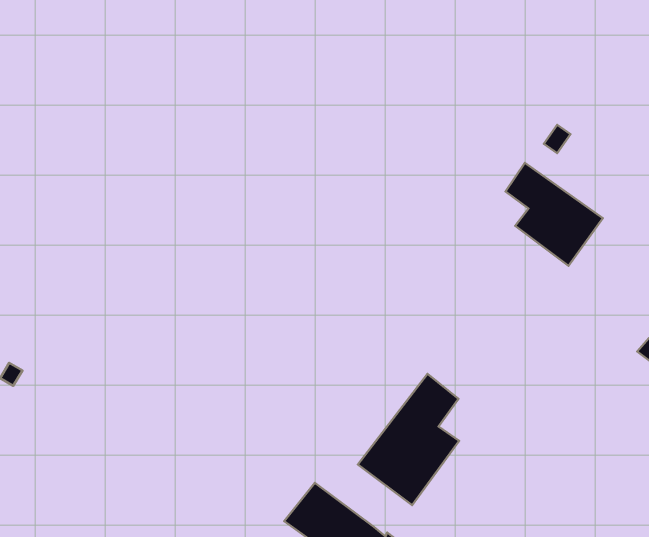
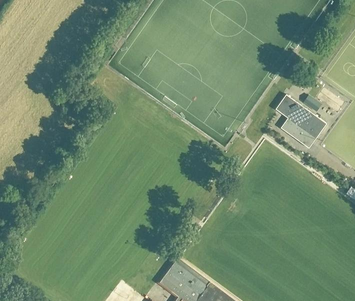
building: [358,374,459,505] -> none

